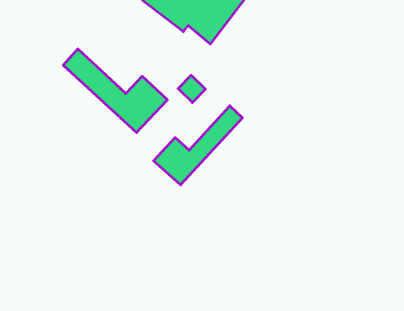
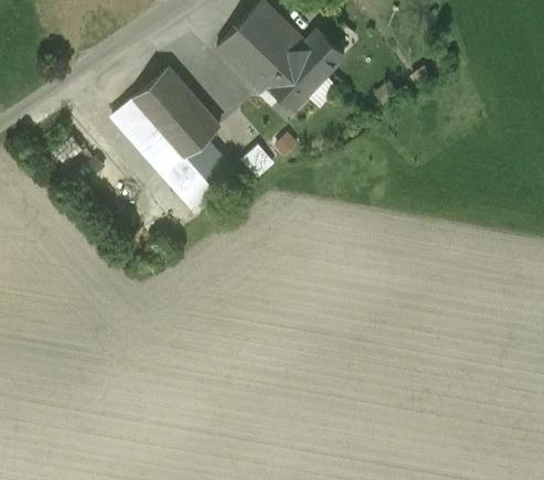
building: none -> [131,68,218,159]
building: [154,106,242,185] -> none

